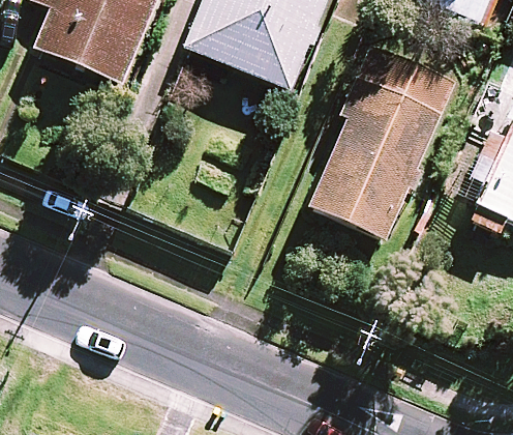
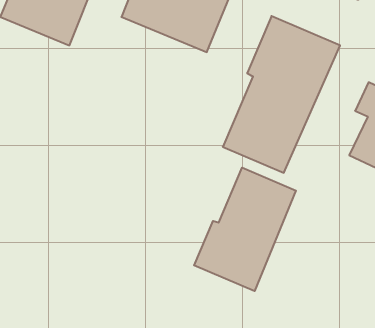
building: none -> [194,168,296,291]

